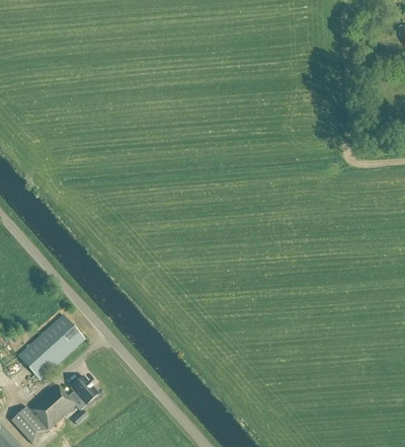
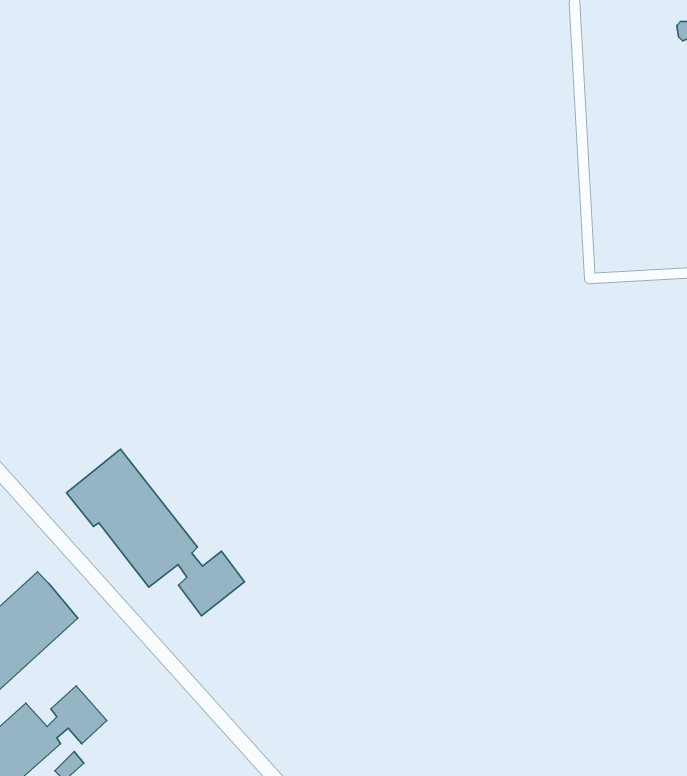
building: none -> [67,449,245,616]

